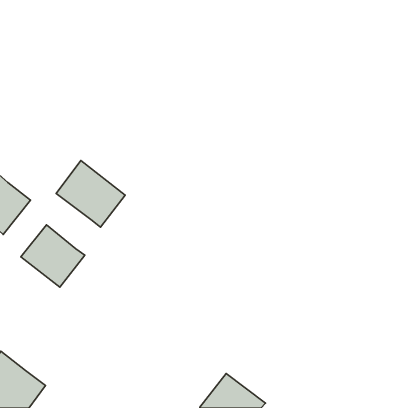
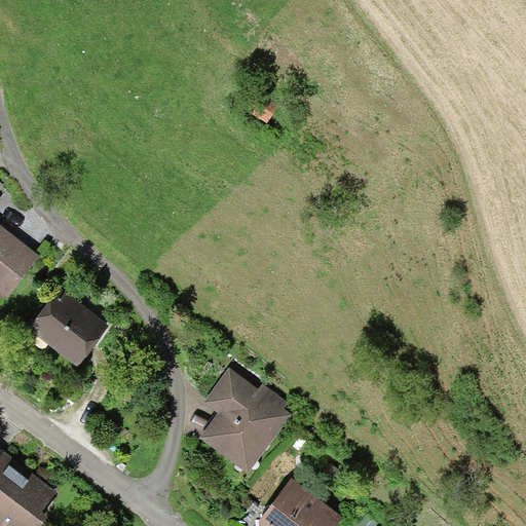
building: [56,161,125,227] -> none
building: none -> [198,369,290,474]

